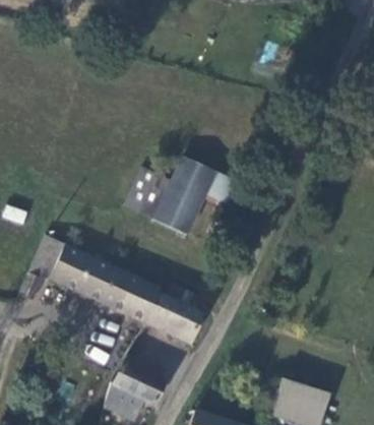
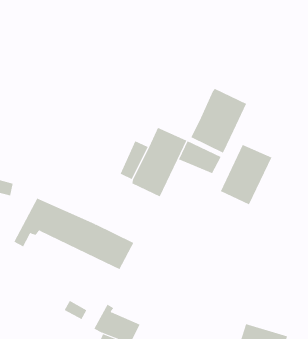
building: none -> [190,88,247,153]
building: none -> [220,144,272,205]
building: [141,291,206,343] -> none

